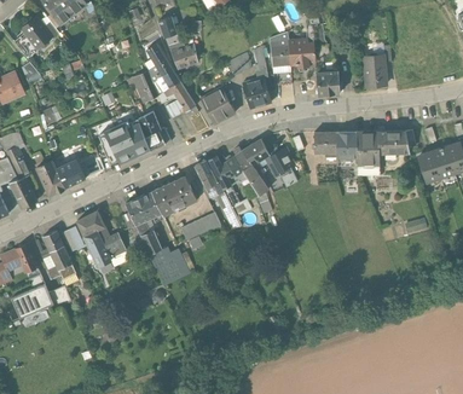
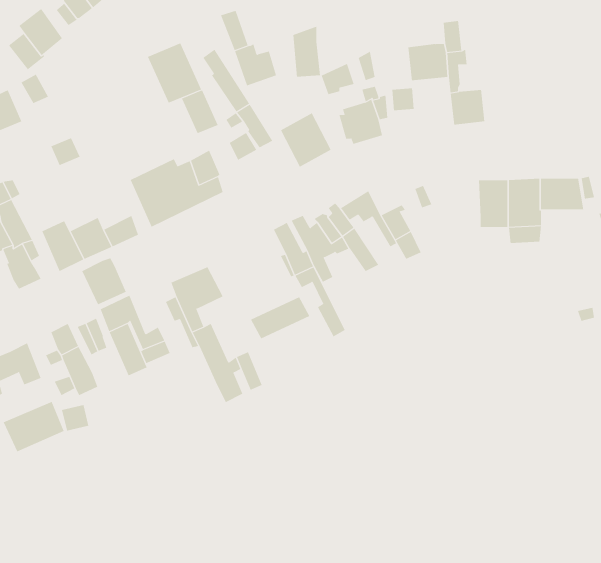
building: [271,30,290,65] -> [293,26,321,77]
building: none -> [147,43,202,104]
building: [364,52,387,86] -> none
building: [314,132,337,157] -> none
building: [151,175,196,215] -> none
building: none -> [82,258,127,305]

